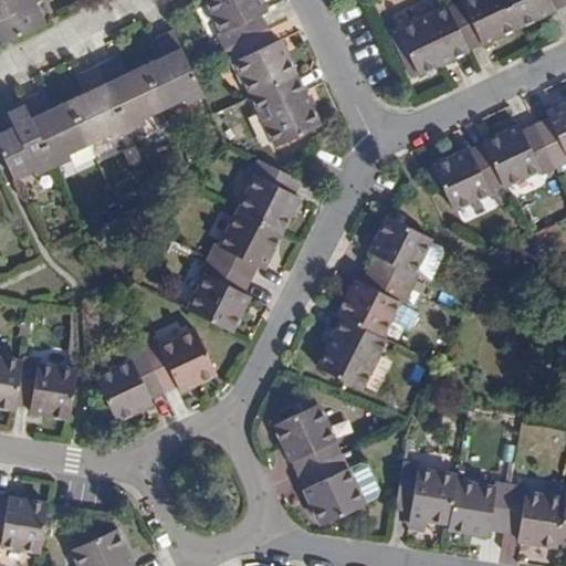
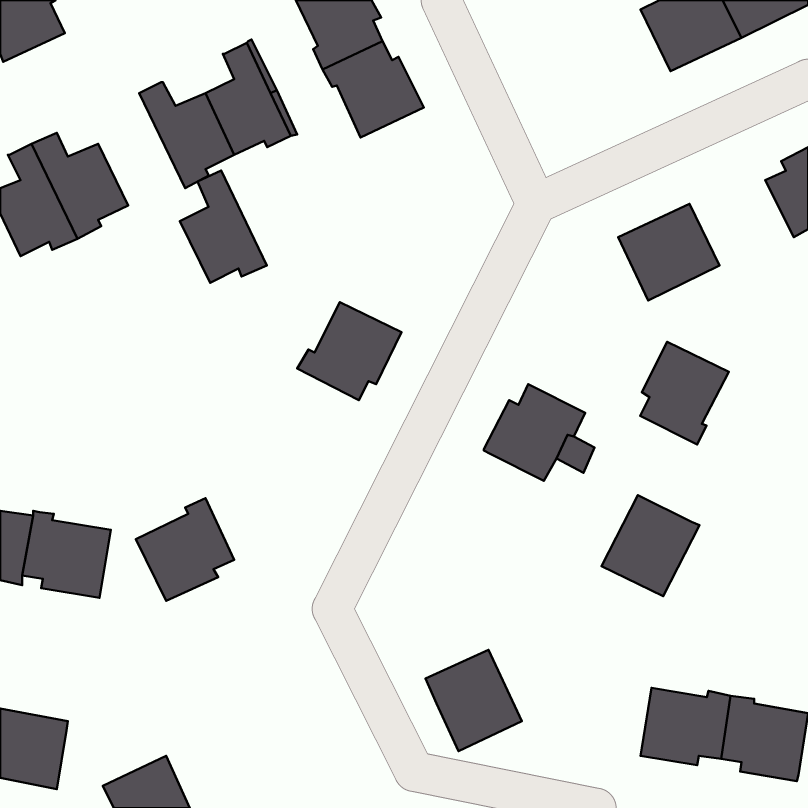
building: [398,7,469,74] -> none
building: [69,65,129,144] -> [180,171,267,283]
building: [252,75,319,146] -> none
building: [482,125,555,186] -> none
building: [238,159,301,232] -> none
building: [369,217,431,289] -> [640,342,729,444]
building: [188,258,251,331] -> none
building: [317,317,386,388] -> [602,495,700,596]
building: [144,329,216,391] -> none
building: [274,403,342,474] -> none
building: [396,463,457,523] -> none

